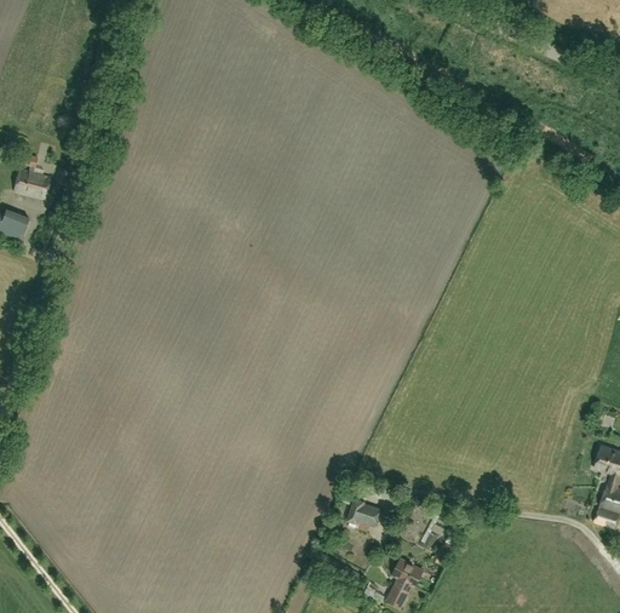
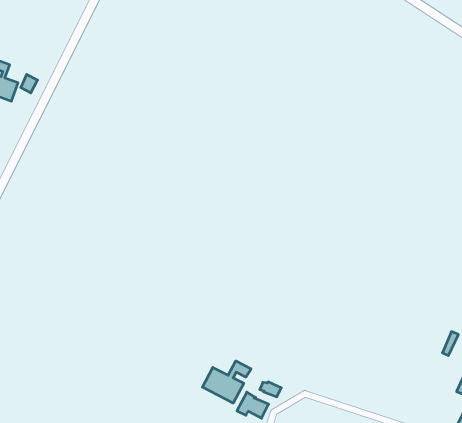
building: none -> [202,361,251,403]

